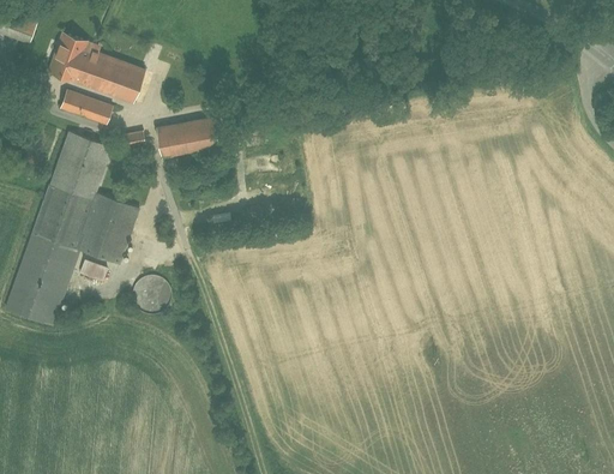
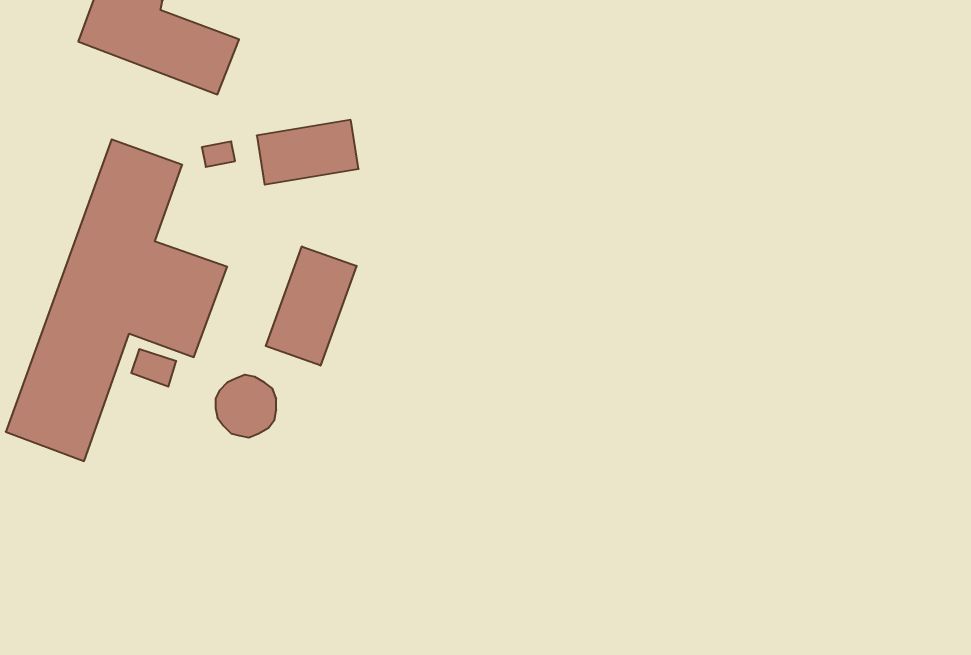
building: [59,90,113,125] -> none
building: none -> [266,246,357,366]

